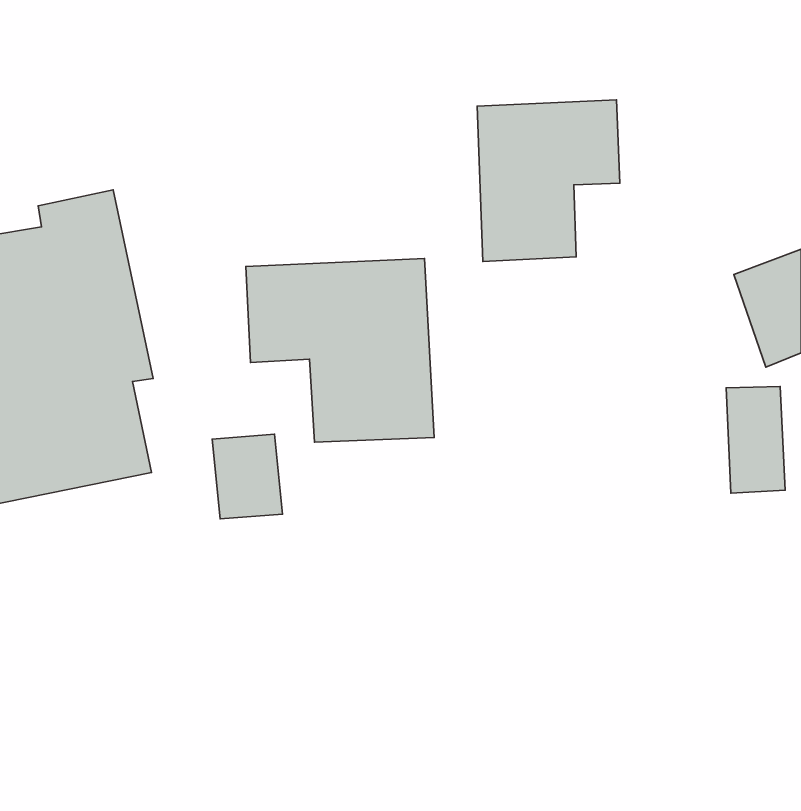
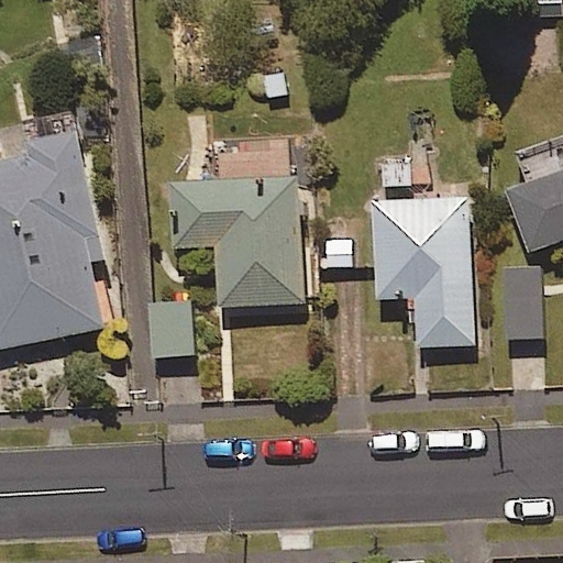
building: [477,100,620,262] -> none
building: none -> [372,196,476,349]

